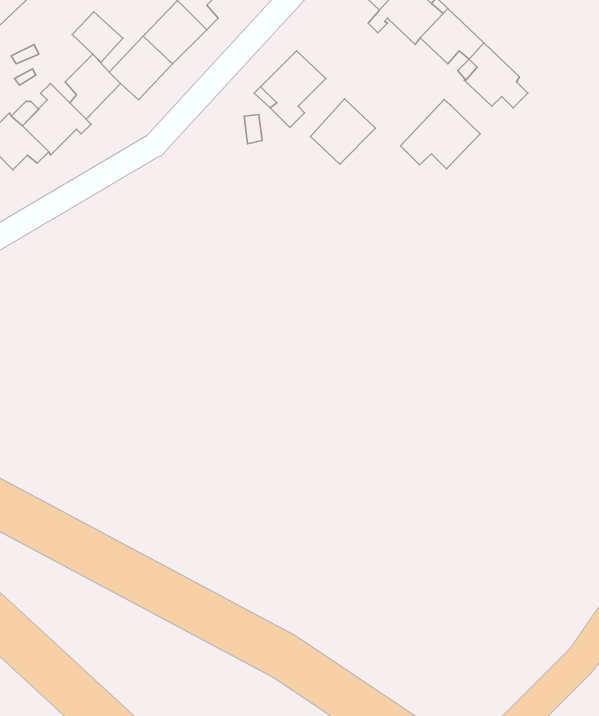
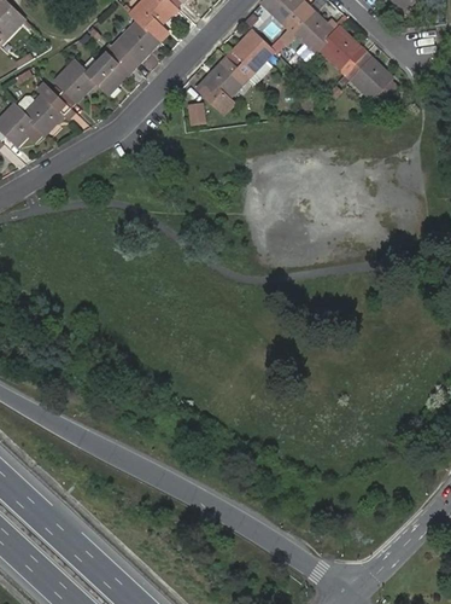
building: [72,12,123,62] -> none
building: [310,99,376,164] -> [225,29,274,77]
building: [401,100,480,169] -> none

